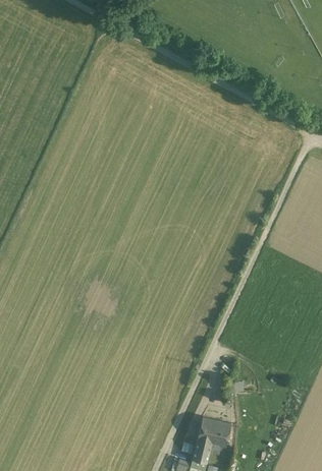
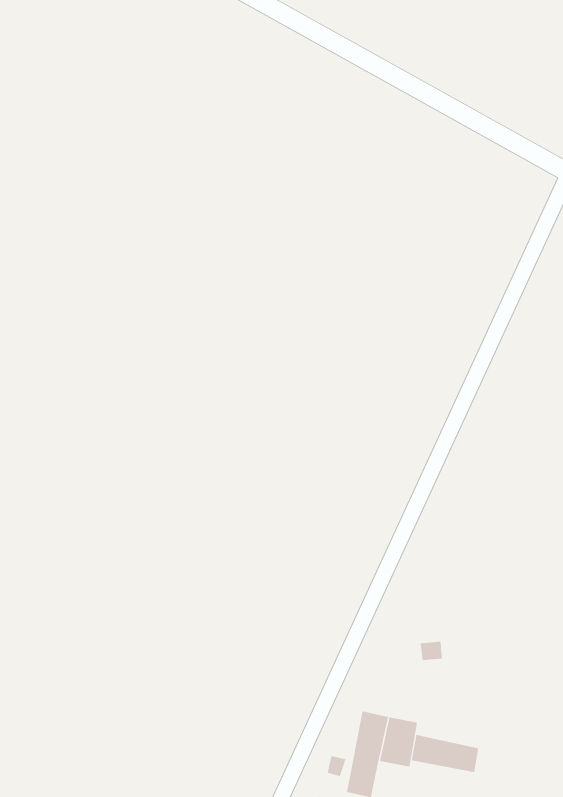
building: none -> [411,734,479,773]

